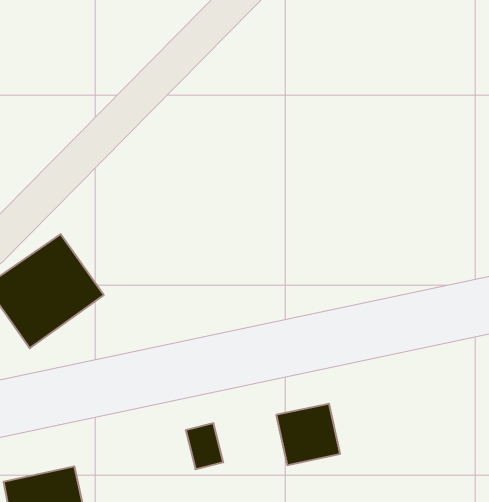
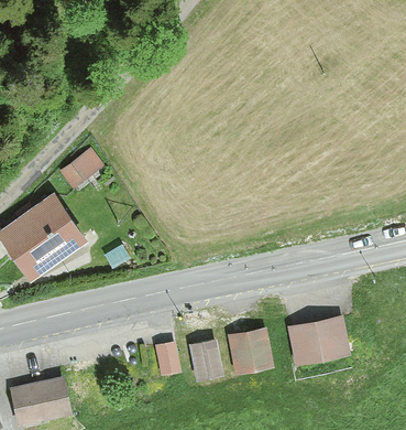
building: none -> [56,148,105,192]
building: none -> [285,316,350,368]
building: none -> [188,340,226,381]

